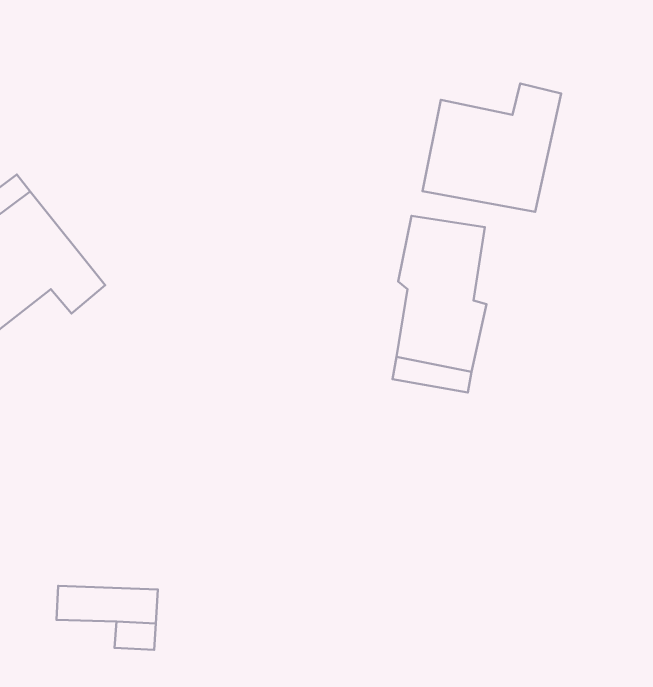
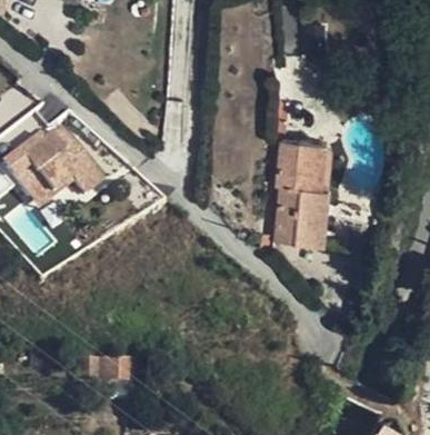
building: [422,83,561,212] -> none

